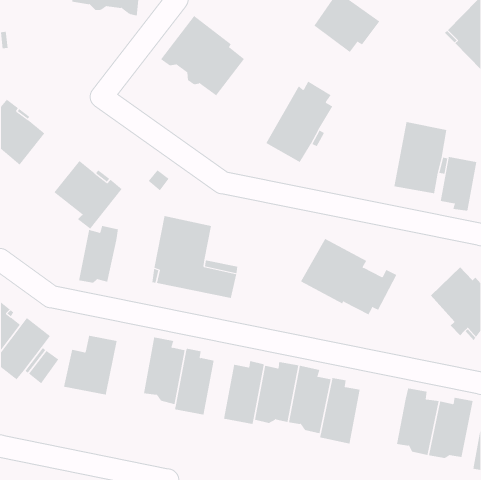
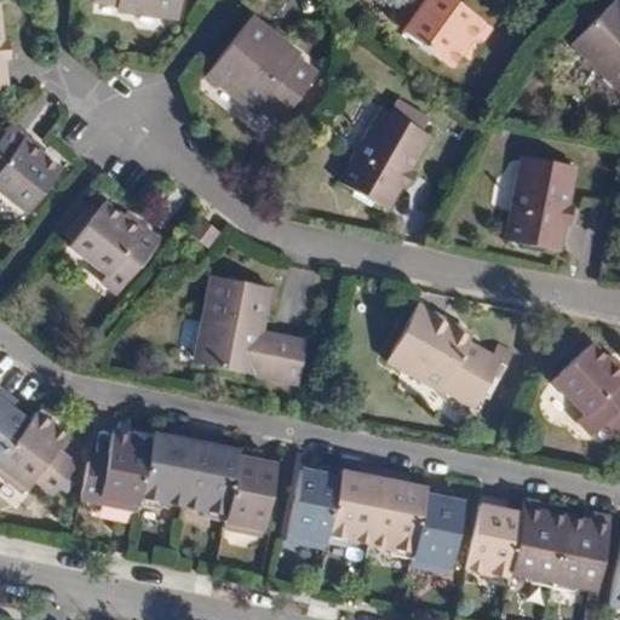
building: [440,156,477,212] -> none
building: [78,225,119,284] -> none
building: none -> [138,429,197,507]
building: none -> [466,496,521,582]

